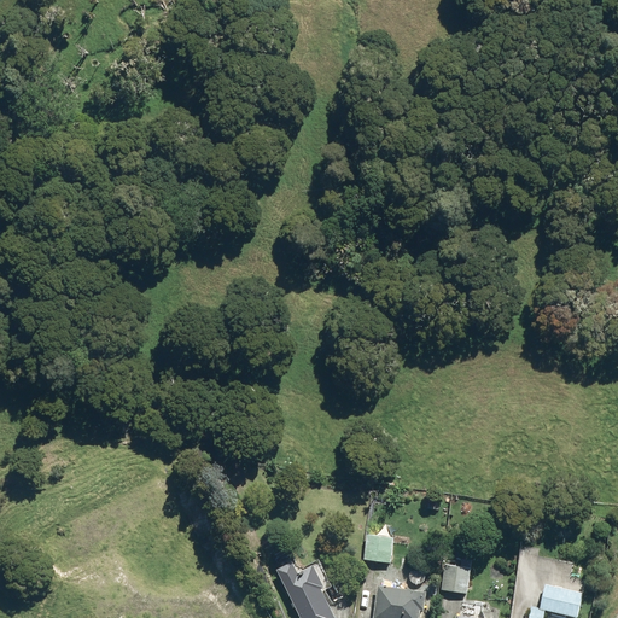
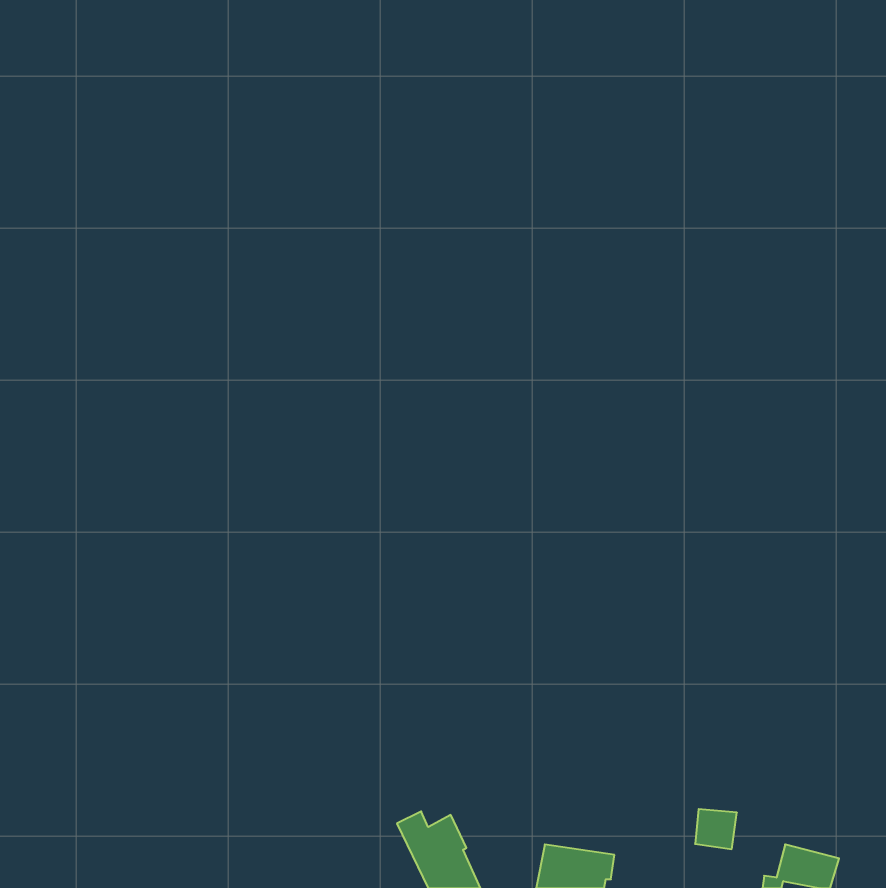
building: [363,535,393,562] -> none
building: [442,565,471,593] -> [695,809,737,849]

